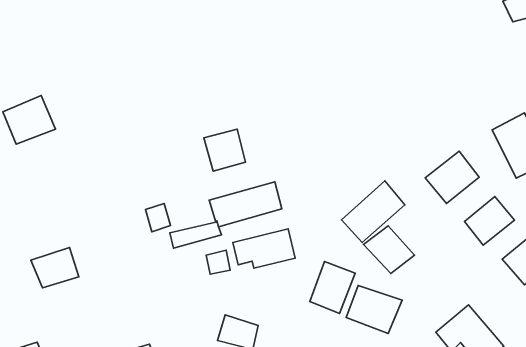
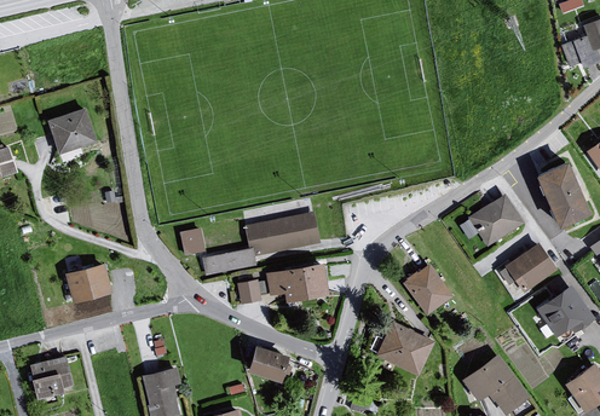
building: [204,129,246,171] -> none
building: [342,181,405,243] -> none
building: [310,262,355,313] -> none

